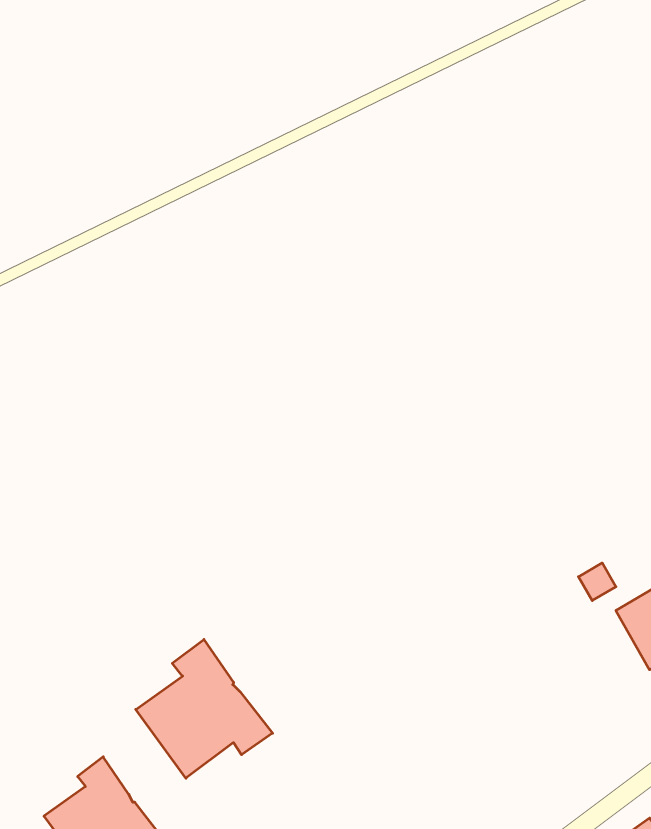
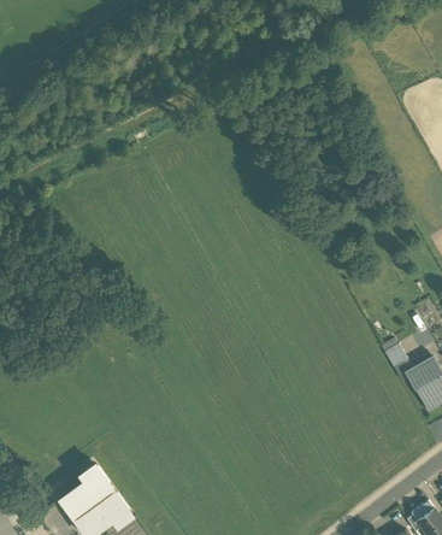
building: [136,639,273,778] -> none

